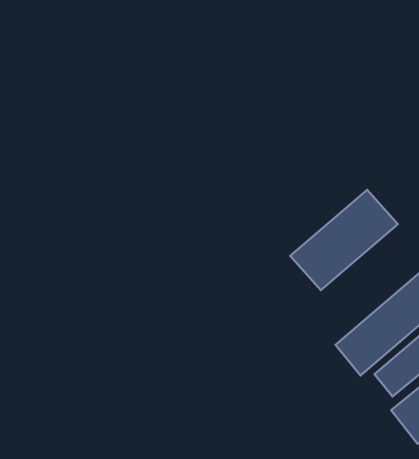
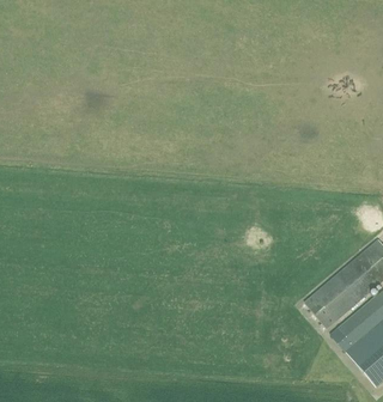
building: [290,190,398,290] -> none

